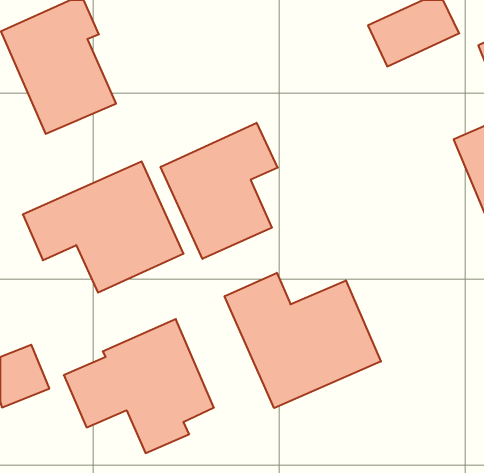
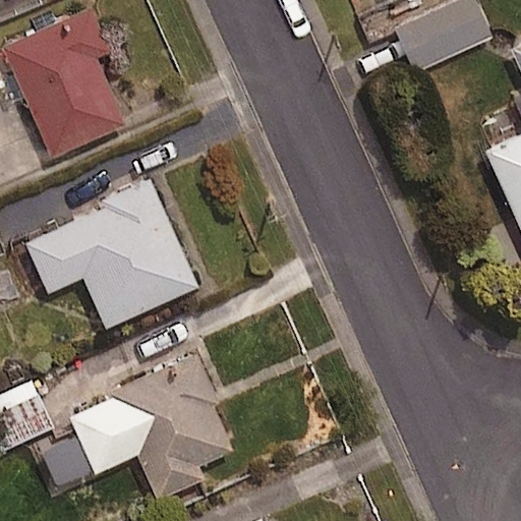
building: [161,123,278,259] -> none
building: [225,273,381,408] -> none

